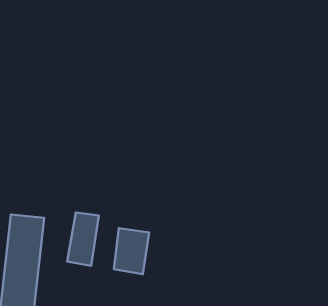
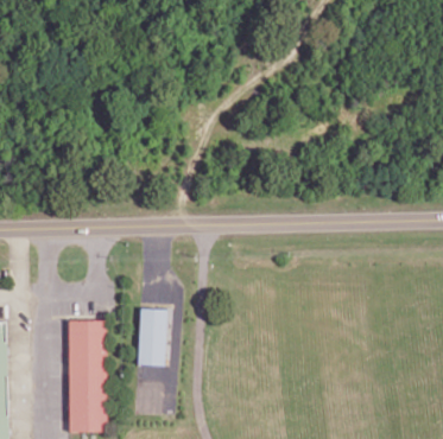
building: [114,228,149,274] -> none

